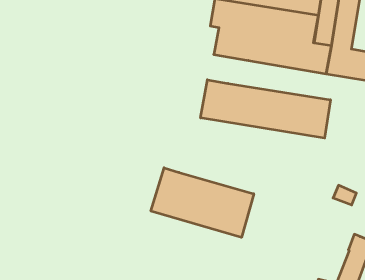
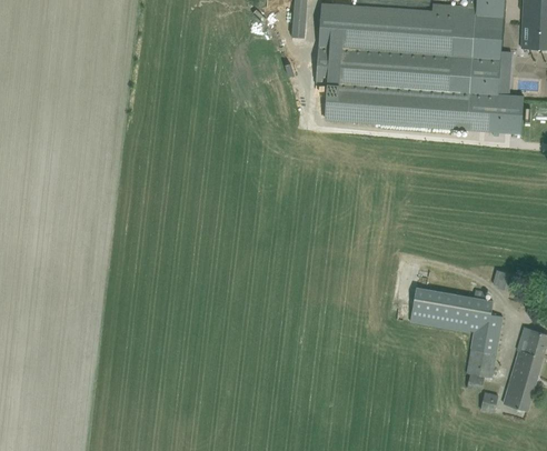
building: [201,80,330,138] -> none
building: [151,168,254,237] -> none
building: none -> [410,287,504,378]

